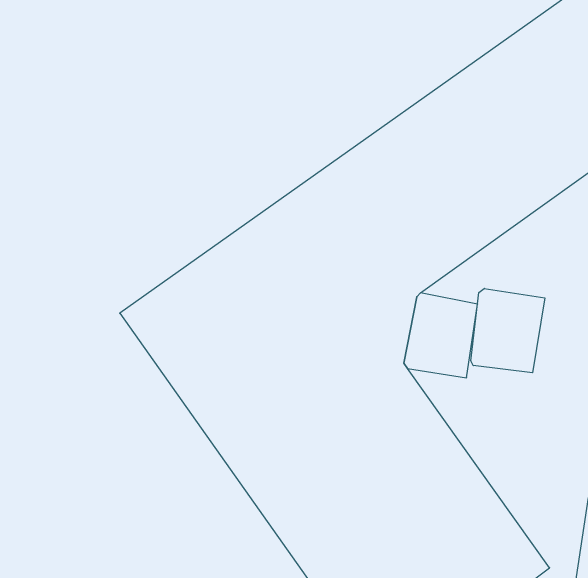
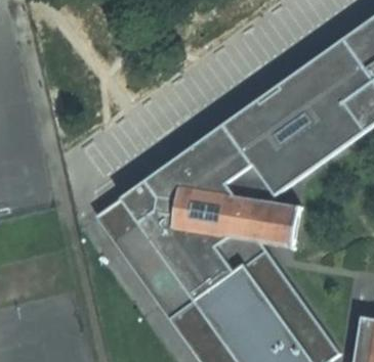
building: [471,288,545,373] -> none

